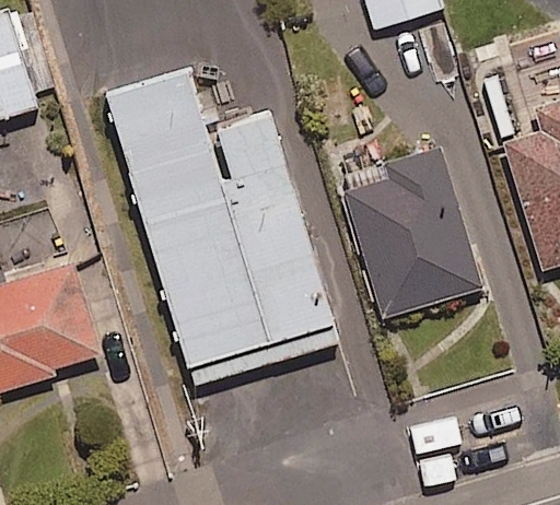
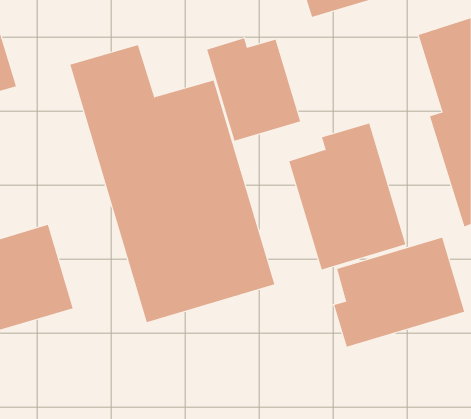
building: none -> [207,38,301,142]
building: none -> [333,237,465,348]

